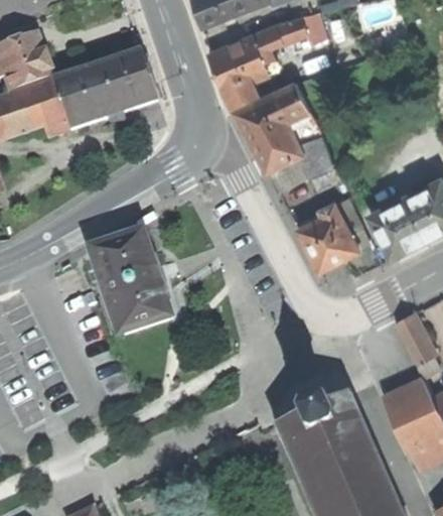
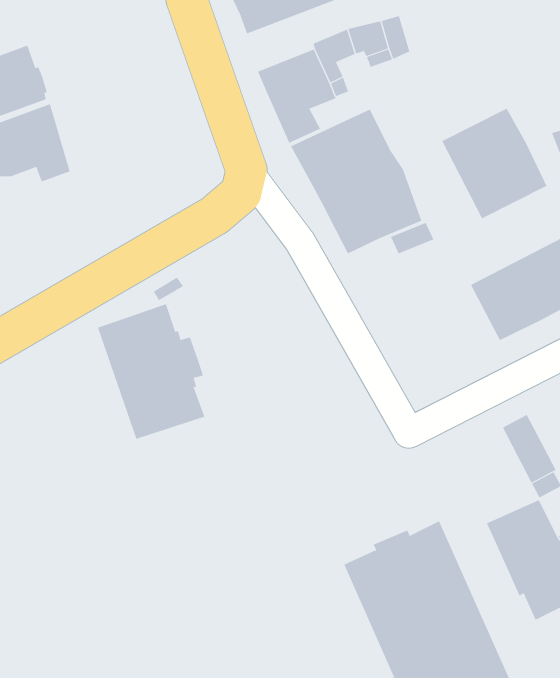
building: [53,50,157,130] -> none
building: none -> [442,108,547,219]
building: [297,203,360,271] -> none

